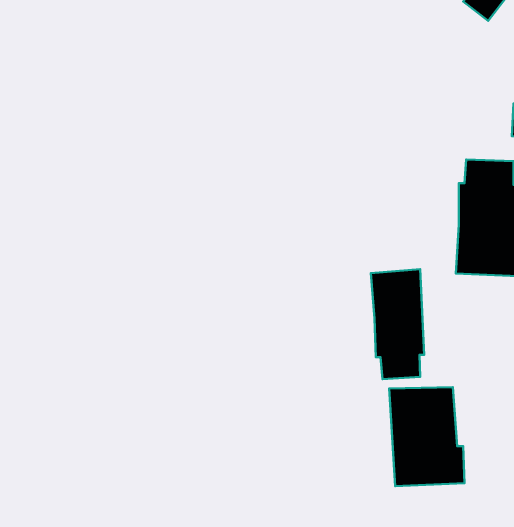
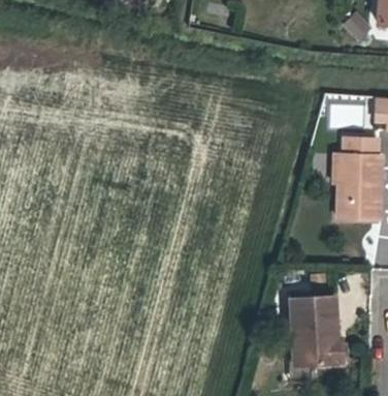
building: [371,269,424,379] -> none

